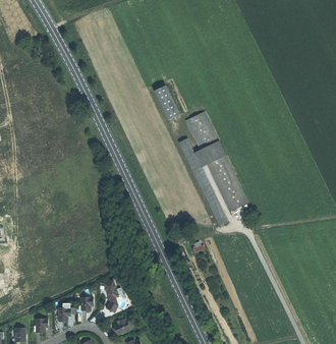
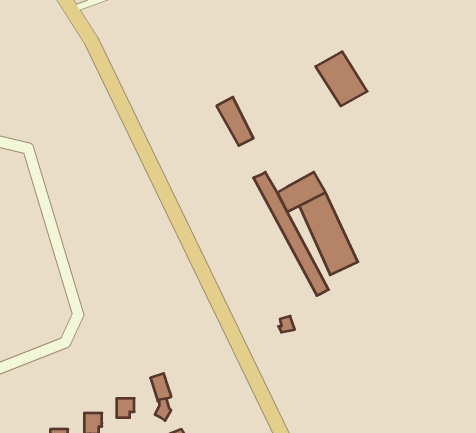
building: [182,112,218,150] -> [316,52,367,106]

